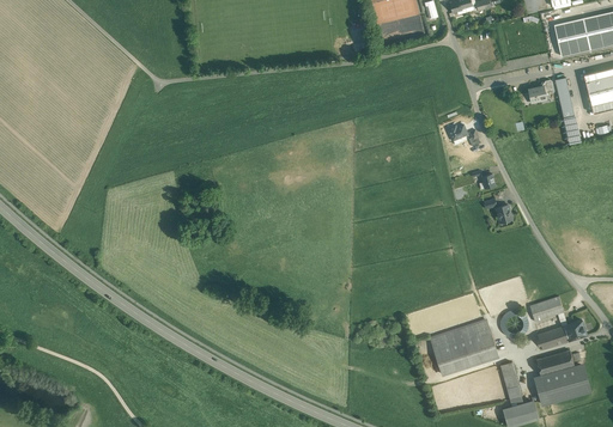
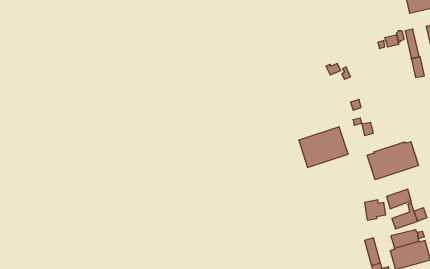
building: none -> [367,142,418,180]
building: [431,319,498,374] -> [299,127,348,167]

